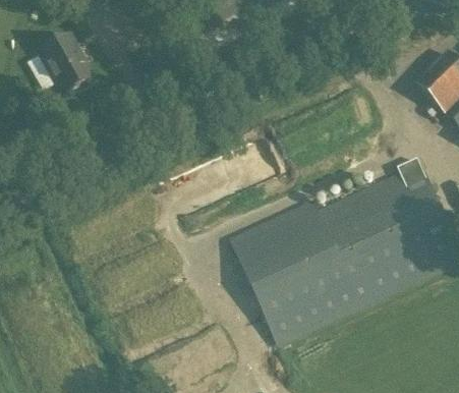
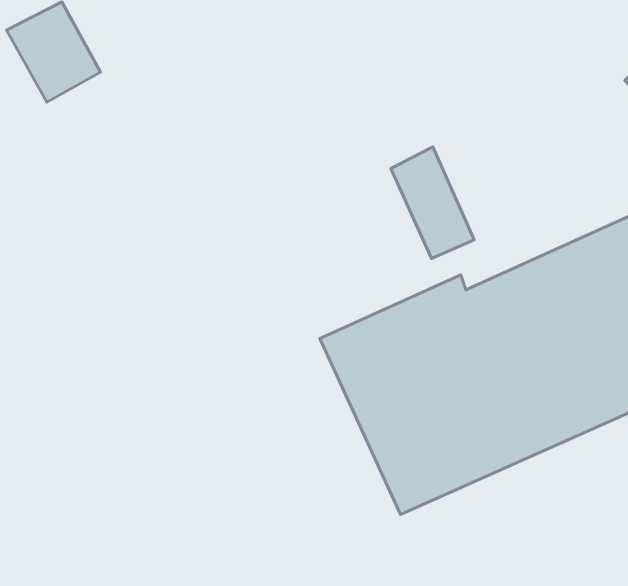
building: none -> [391,147,474,259]

